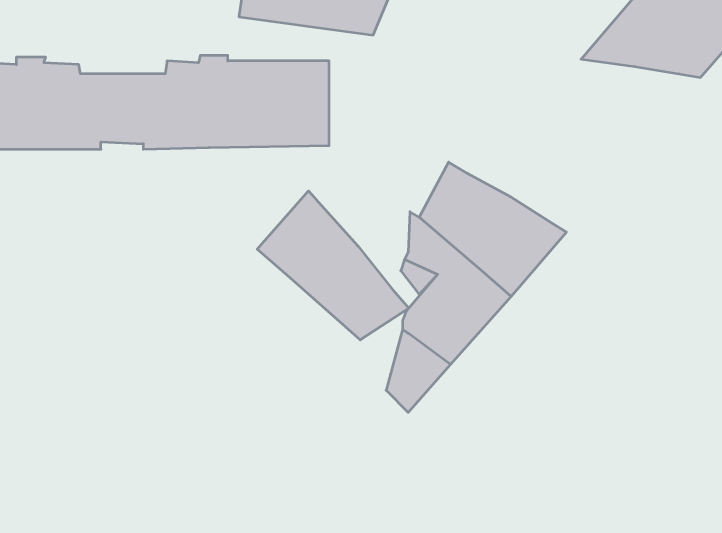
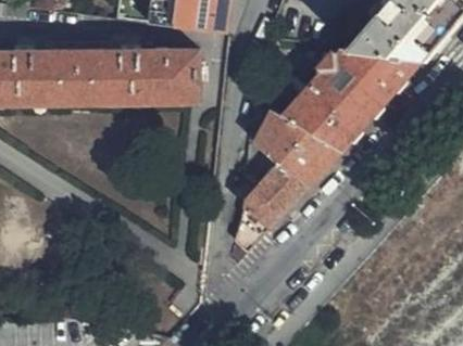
building: none -> [281,46,420,149]
building: [257,191,409,340] -> none

